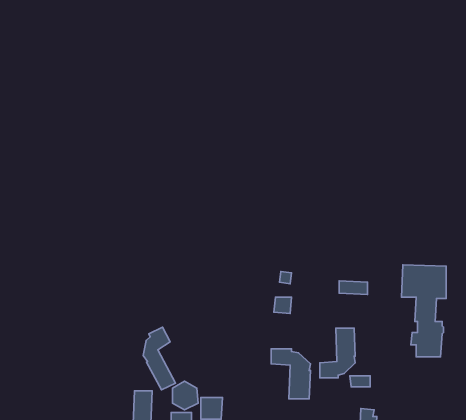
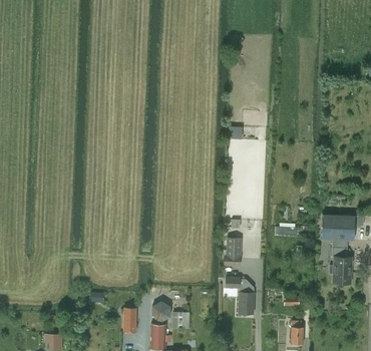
building: [143,327,176,390] -> none
building: [320,328,355,378] -> none

